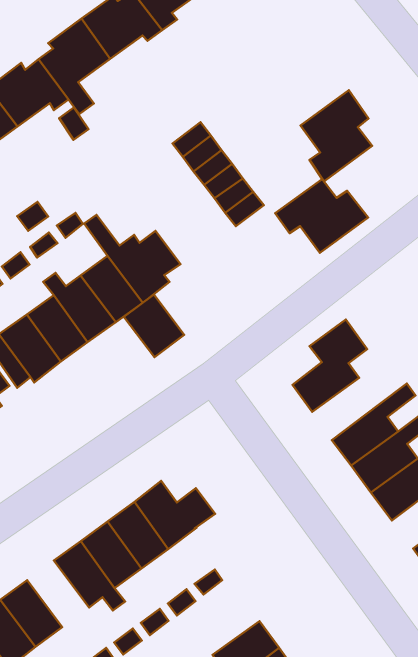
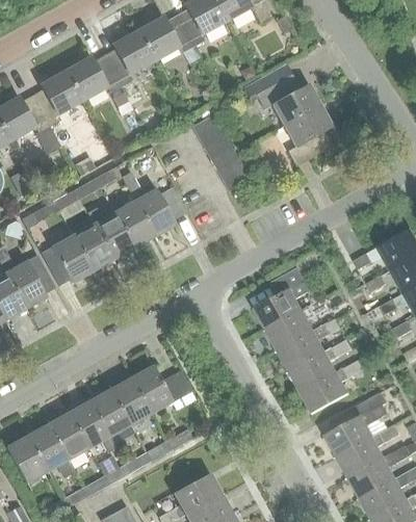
building: [275,179,368,253] -> [255,74,320,126]
building: [124,295,184,357] -> none
building: none -> [265,297,329,351]
building: none -> [48,412,89,460]

